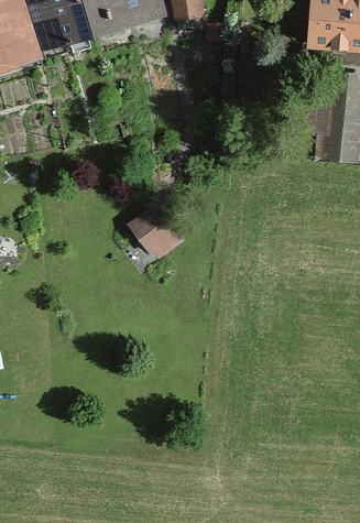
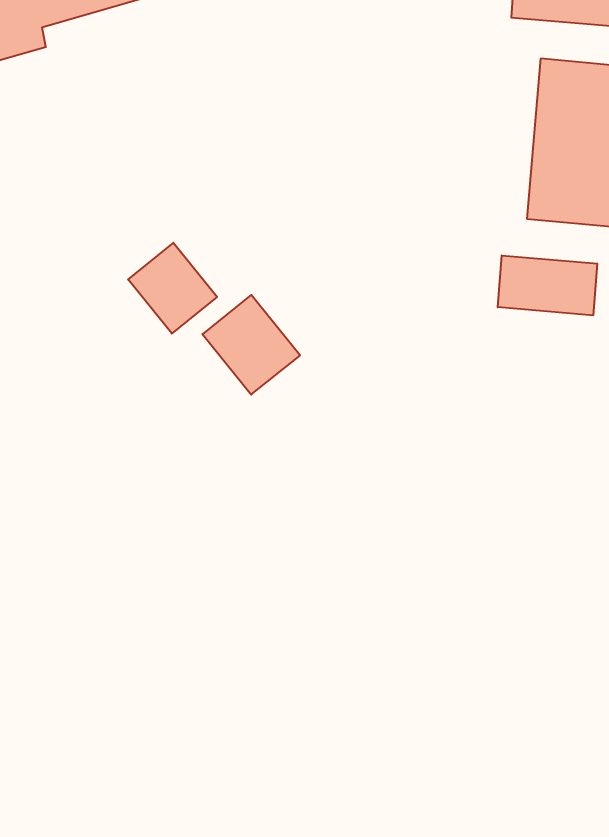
building: none -> [128,243,217,334]
building: none -> [498,255,597,315]

